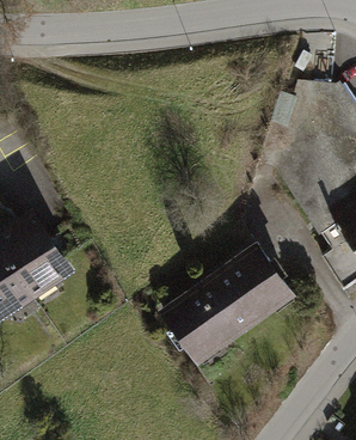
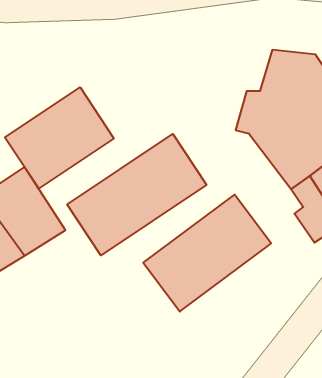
building: none -> [5,87,114,189]
building: none -> [67,134,206,255]

